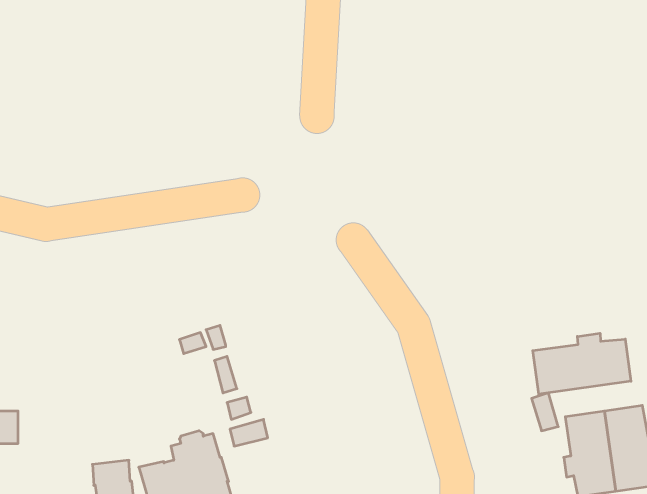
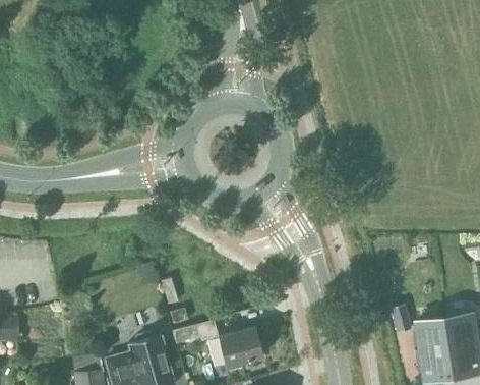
building: [533,333,631,394] -> none
building: none -> [219,325,263,365]

